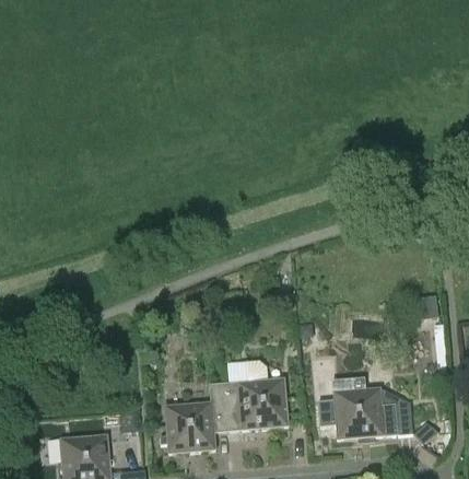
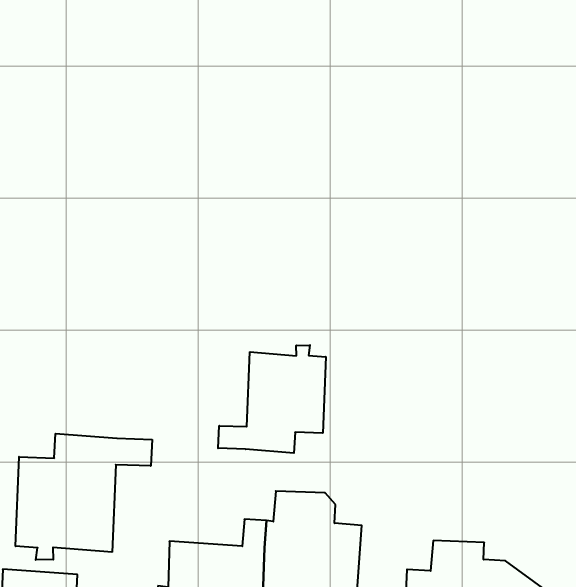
building: none -> [218,345,326,453]
building: none -> [16,434,152,560]

